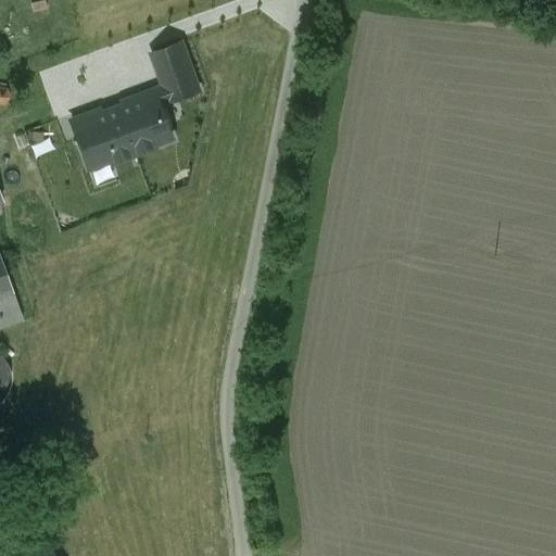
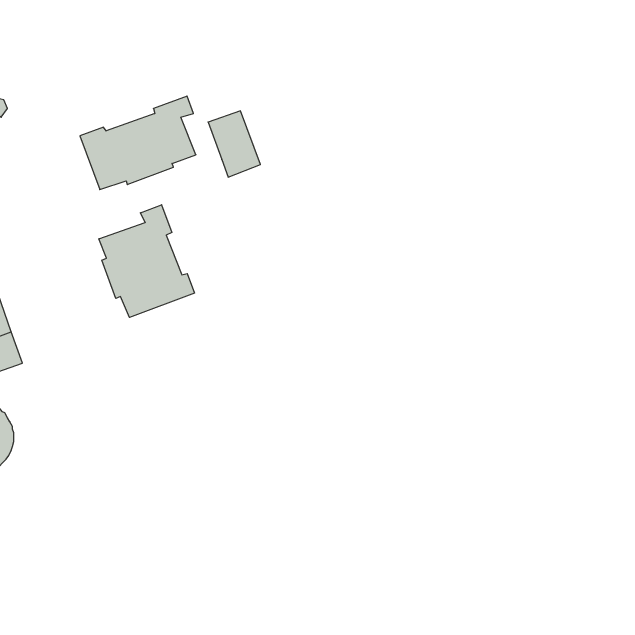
building: [151,41,197,99] -> [208,111,260,177]
building: none -> [99,205,195,317]

